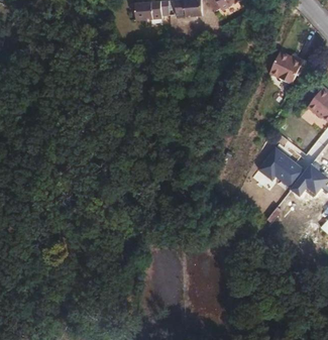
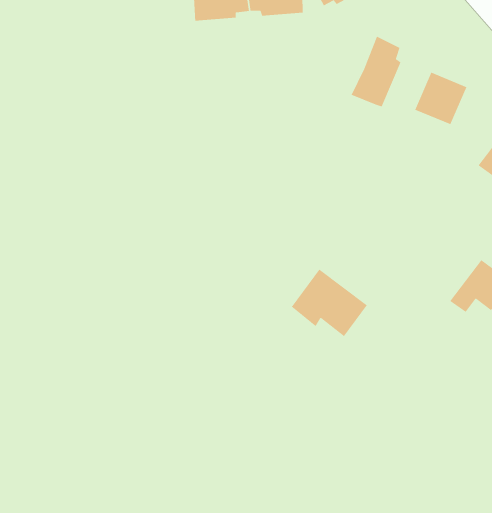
building: none -> [351,36,401,108]
building: [255,145,302,187] -> [291,268,368,337]

